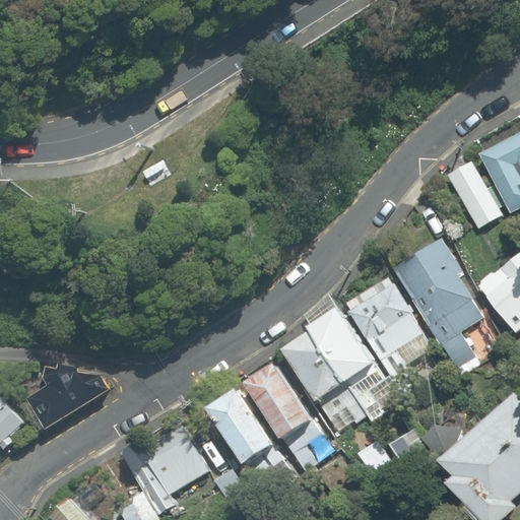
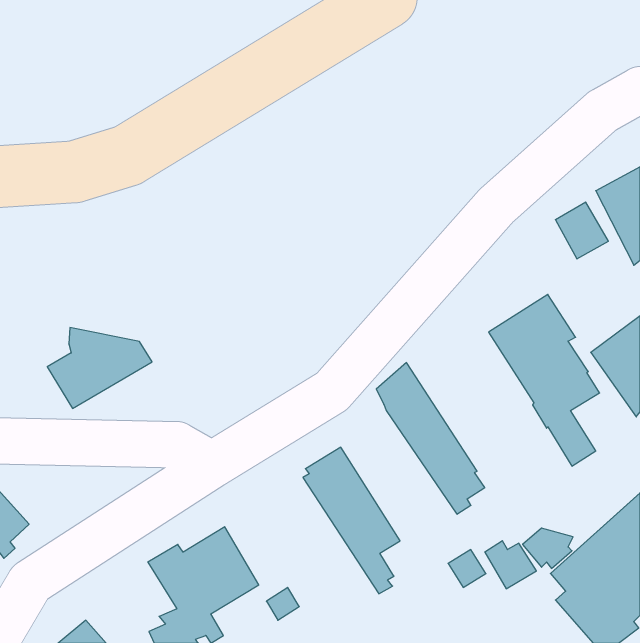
building: [347,283,431,404] -> none
building: [283,330,368,427] -> none
building: [25,365,110,430] -> [47,328,152,408]
building: [208,390,283,497] -> none

